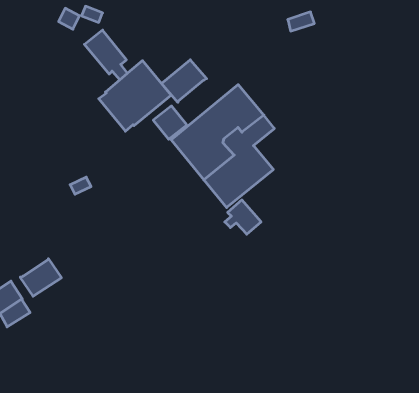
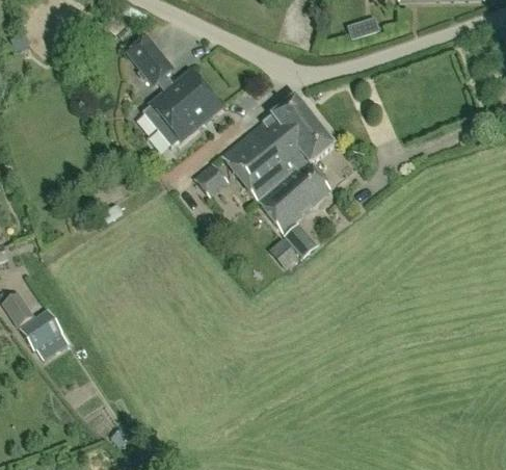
building: [162,60,207,102] -> none
building: [153,106,187,139] -> [194,160,231,197]
building: [20,259,61,296] -> none

